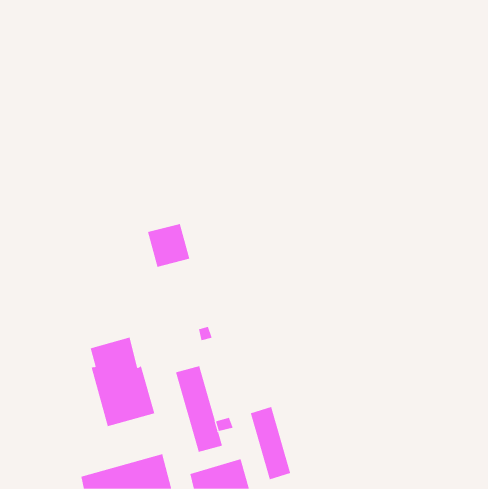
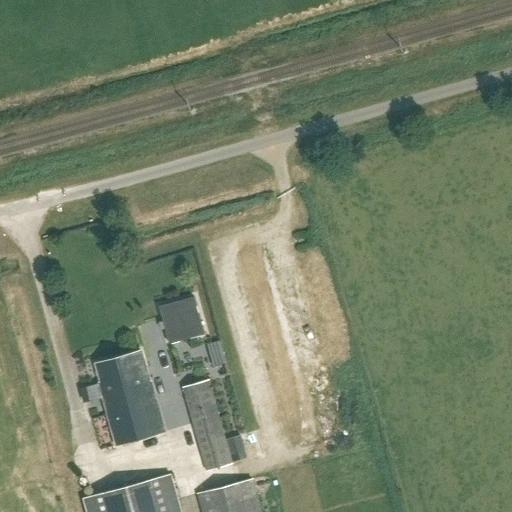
building: [147,223,190,267] -> [161,296,206,342]
building: [250,406,291,480] -> none

